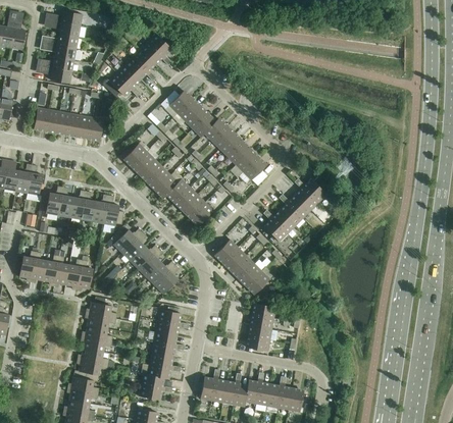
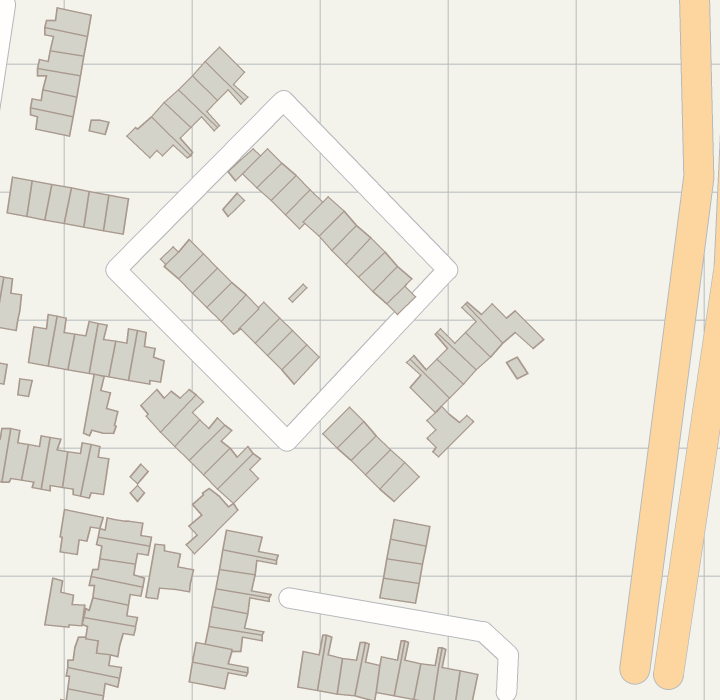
building: none -> [84,374,118,436]
building: none -> [427,406,474,457]
building: none -> [186,489,238,554]
building: none -> [60,510,103,555]
building: none -> [146,544,194,599]
building: none -> [45,578,85,627]

